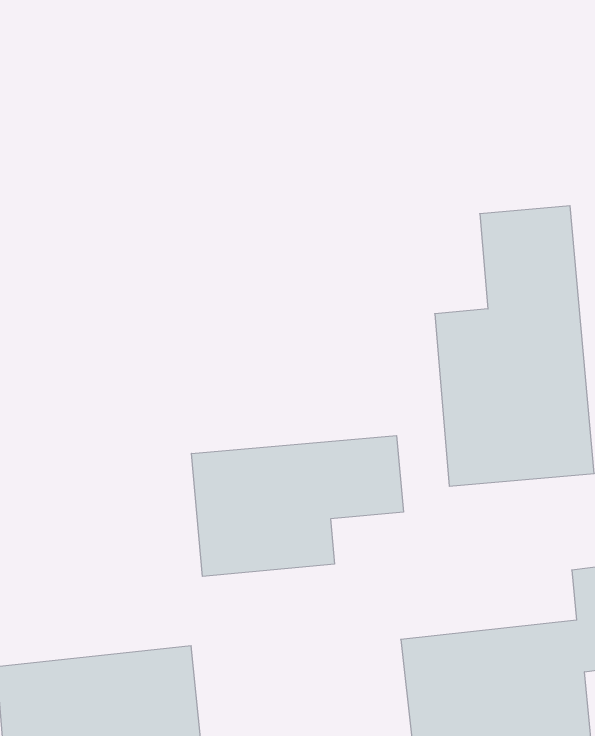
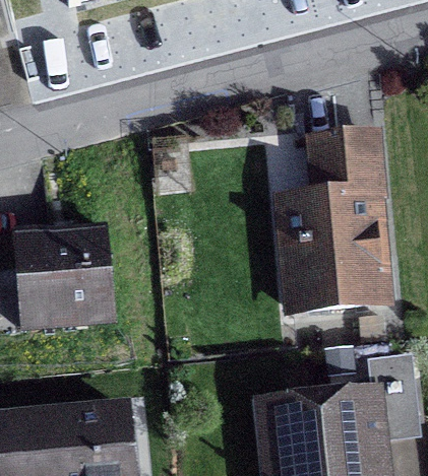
building: none -> [15,228,113,328]
building: [191,436,403,576] -> none

